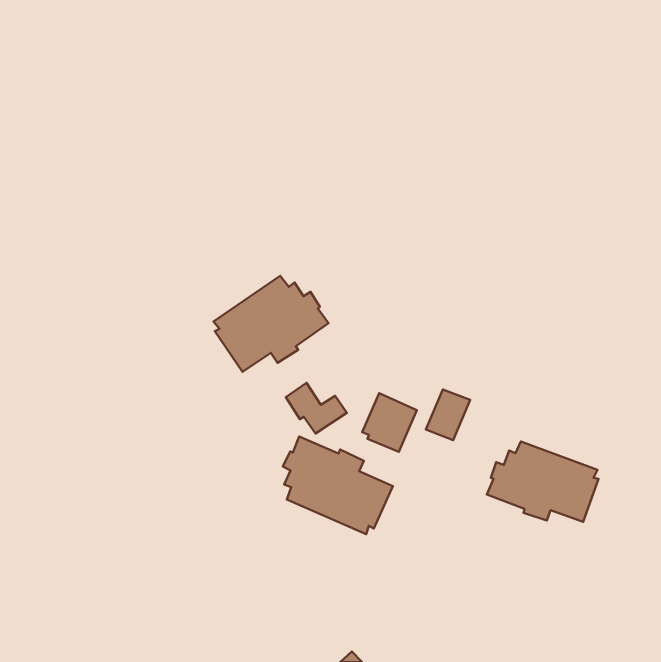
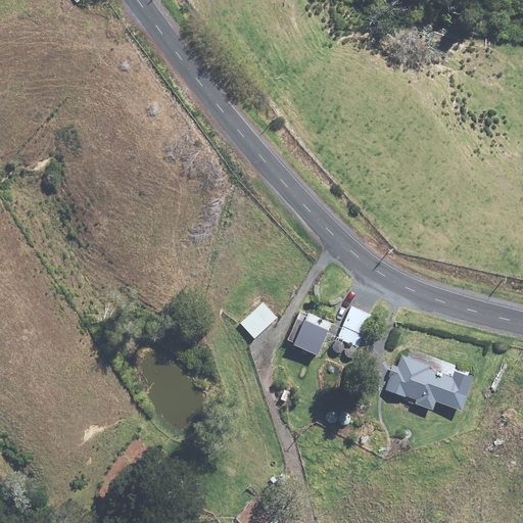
building: [214,276,329,372] -> none
building: [283,436,393,534] -> none

